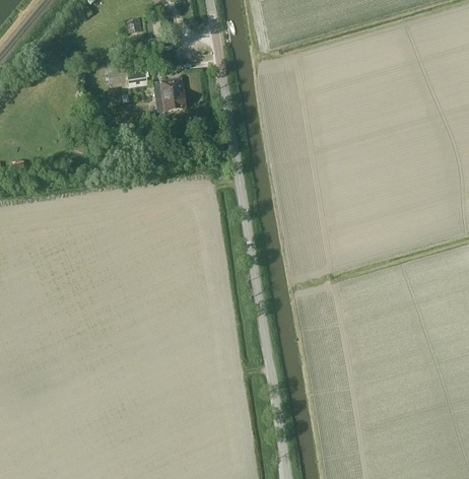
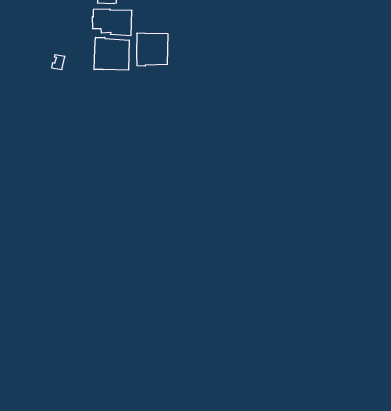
building: none -> [94,37,129,70]

